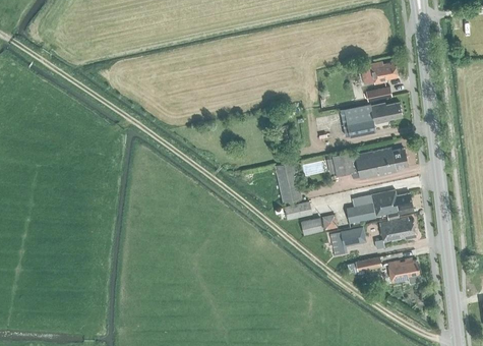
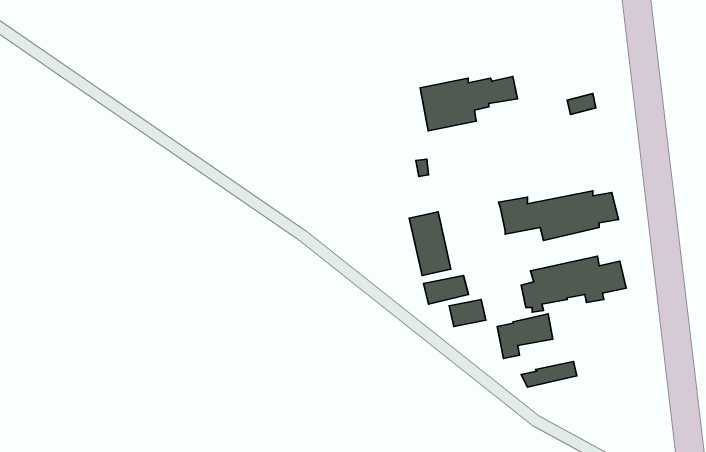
building: [359,61,397,83] -> none
building: [339,102,401,136] -> [420,77,517,131]
building: [373,217,415,249] -> none
building: [386,257,419,283] -> none

